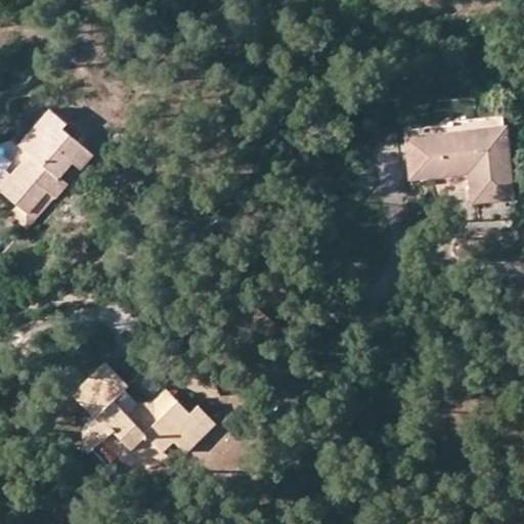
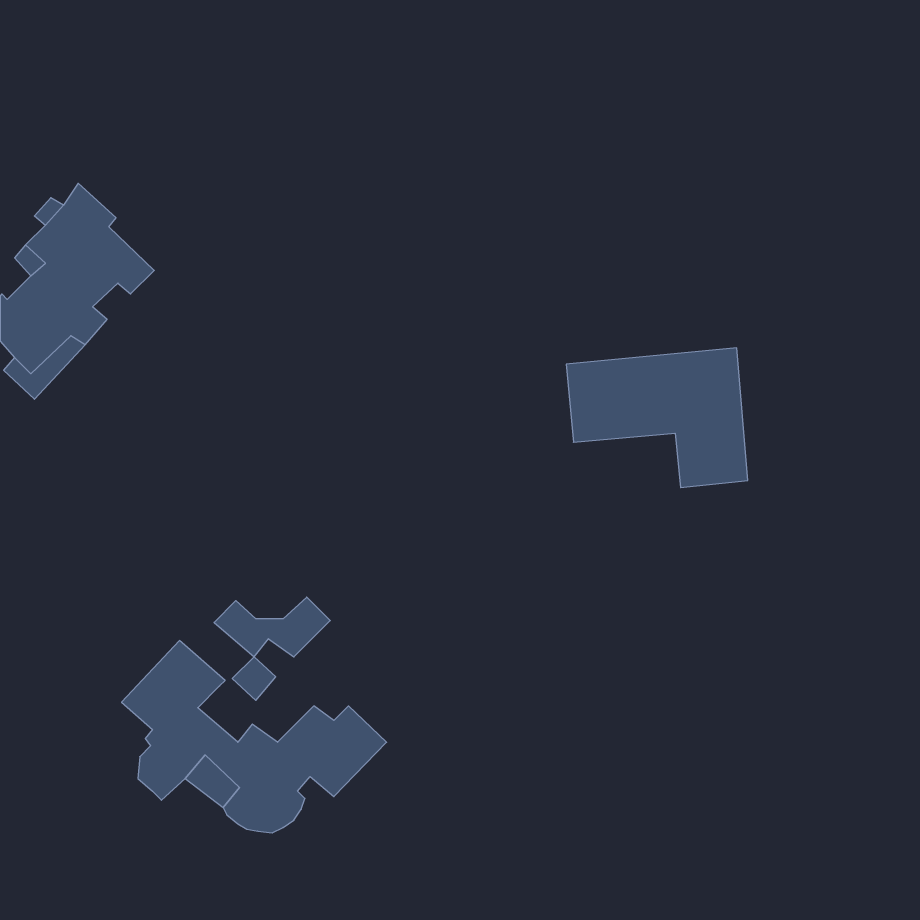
building: [408,125,511,204] -> [566,348,748,488]
building: [116,389,181,423] -> [214,597,330,657]

